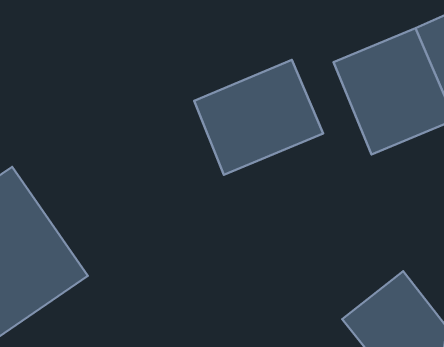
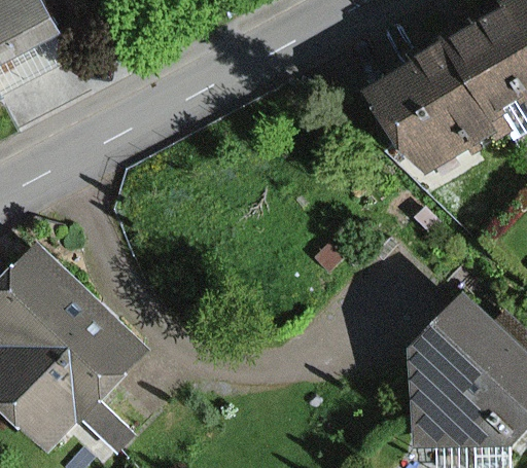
building: [194,60,323,175] -> none

